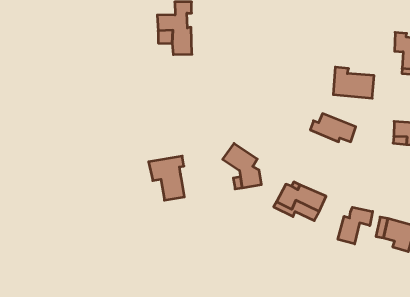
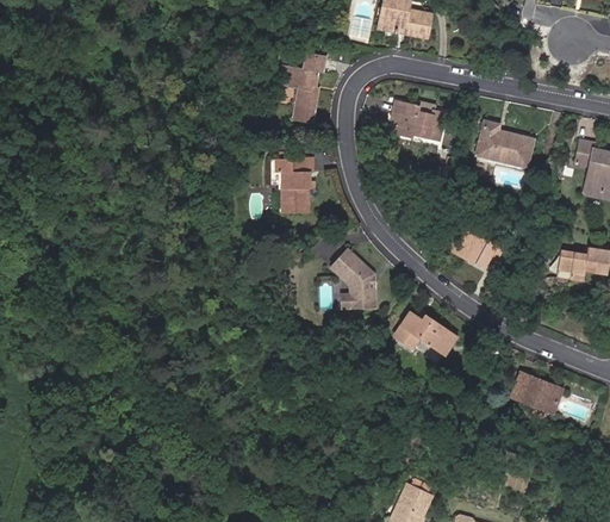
building: none -> [387,104,443,143]
building: [333,67,374,98] -> [474,123,530,170]
building: [149,156,184,200] -> [274,157,318,210]
building: [338,207,373,244] -> none

